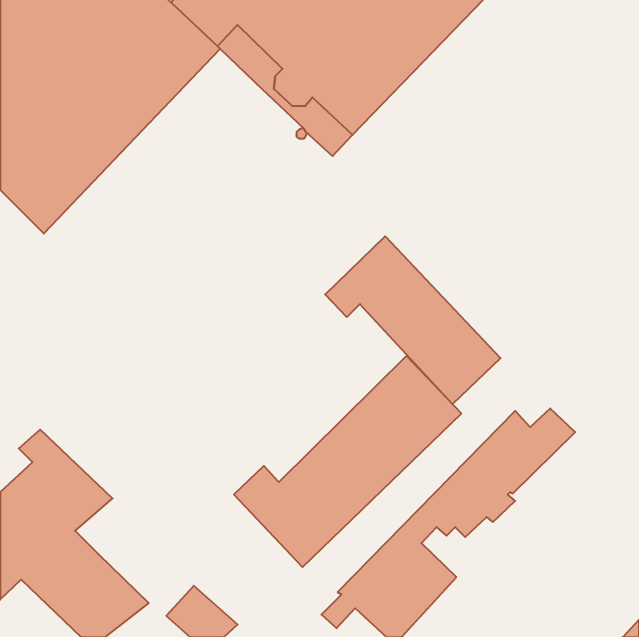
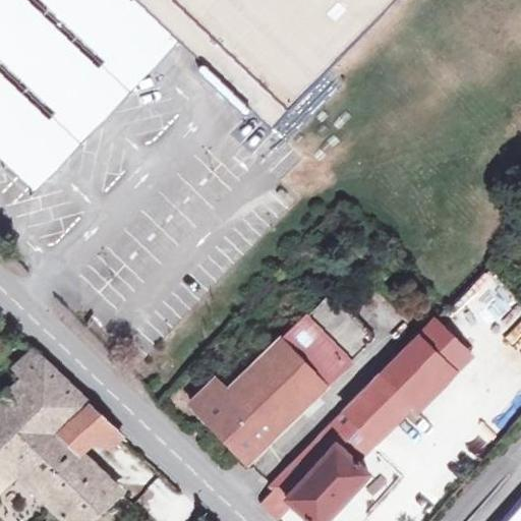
building: [325,236,501,404] -> none
building: none -> [61,406,121,452]

